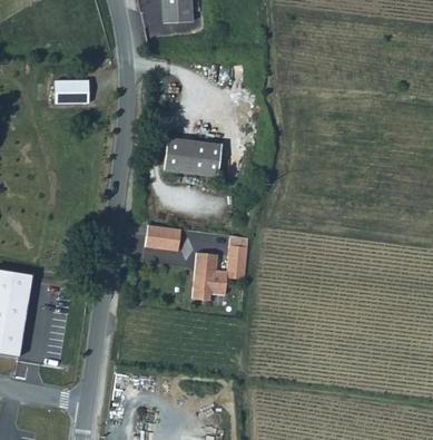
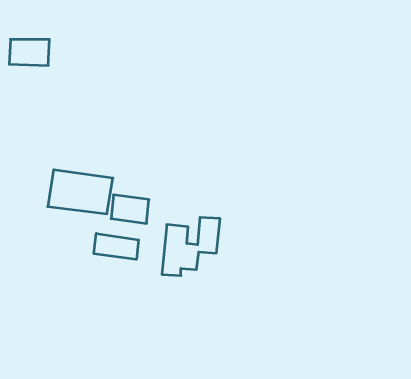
building: [158,136,219,177] -> [48,170,113,214]
building: none -> [94,233,139,259]

